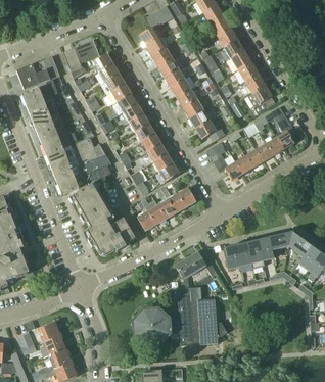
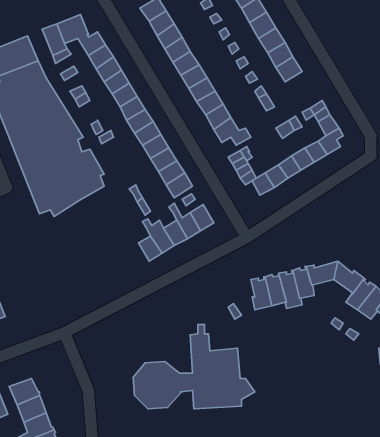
building: [247,84,271,113] -> none
building: [72,184,135,254] -> none
building: [175,252,204,278] -> none

